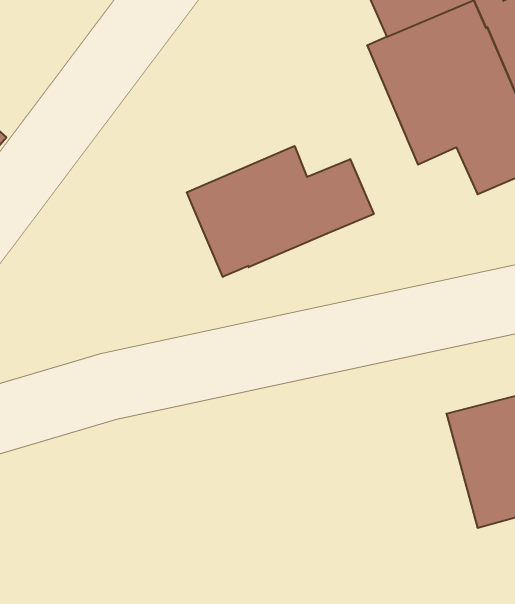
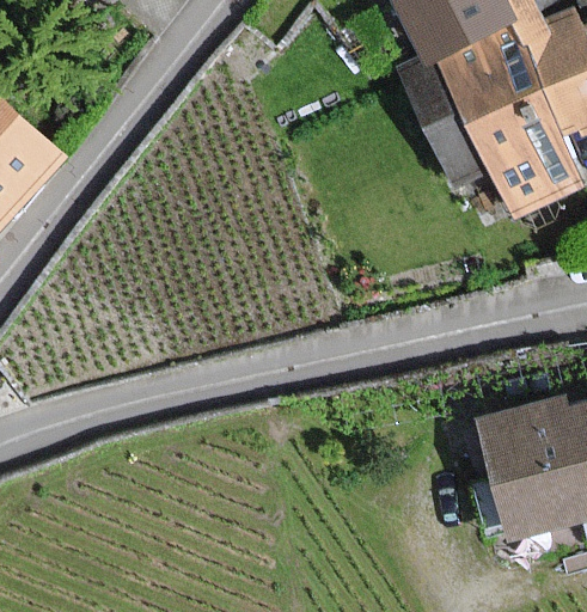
building: [187,146,374,277] -> none

